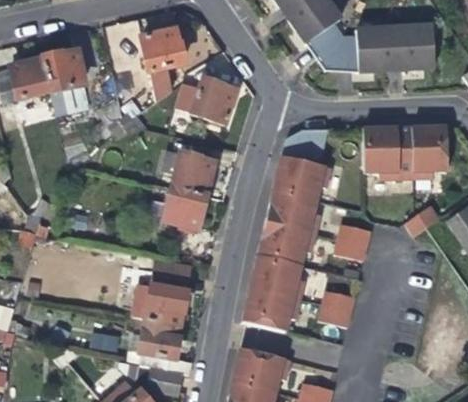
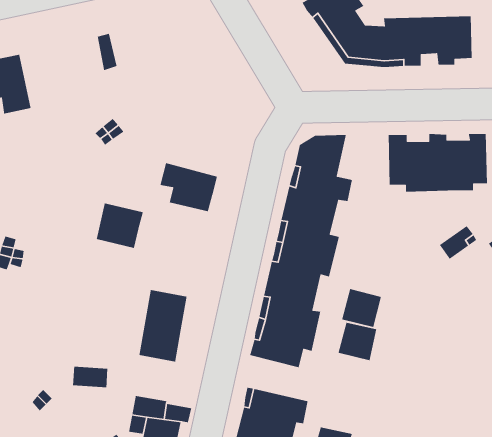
building: [143,31,184,103] -> none
building: [45,52,90,119] -> none
building: [178,80,237,123] -> none
building: [166,187,207,227] -> [96,202,144,249]
building: [333,223,368,257] -> [341,288,382,328]
building: [141,318,179,357] -> none

